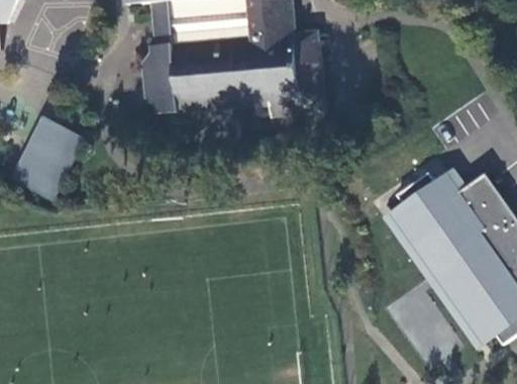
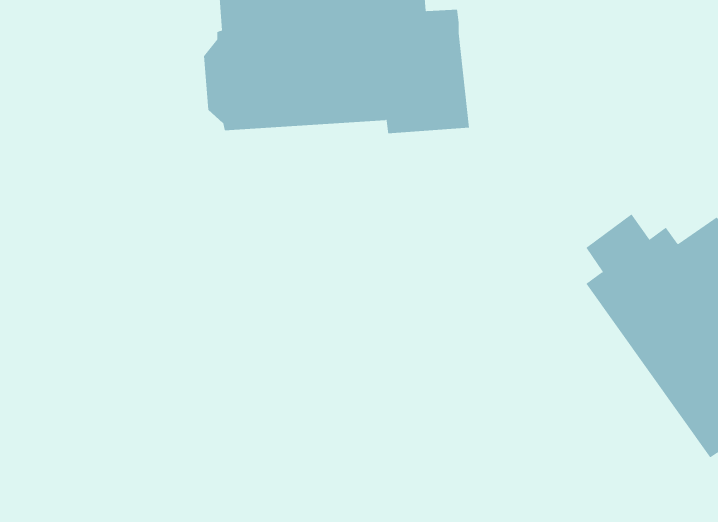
building: [11,113,85,198] -> none

